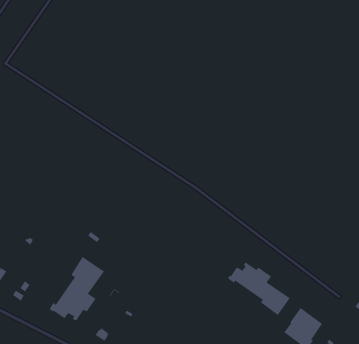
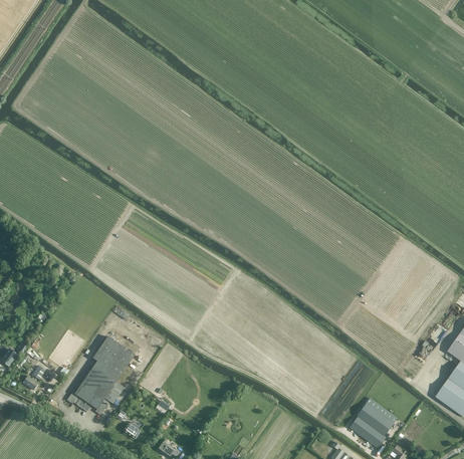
building: [228,262,290,316] -> none

